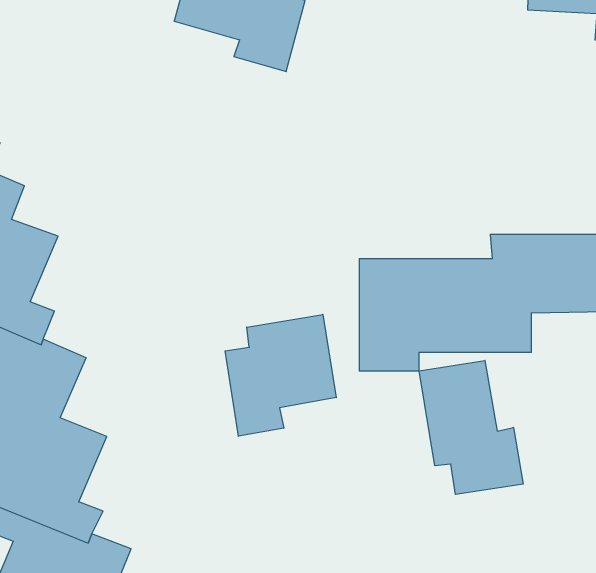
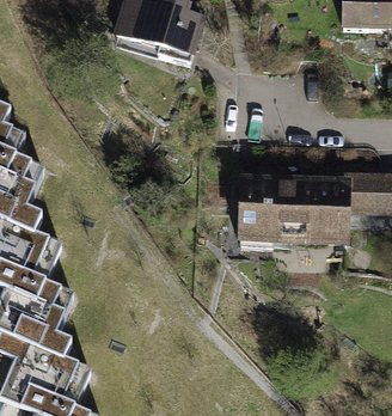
building: [225,314,336,436] -> none
building: [419,360,523,494] -> none

